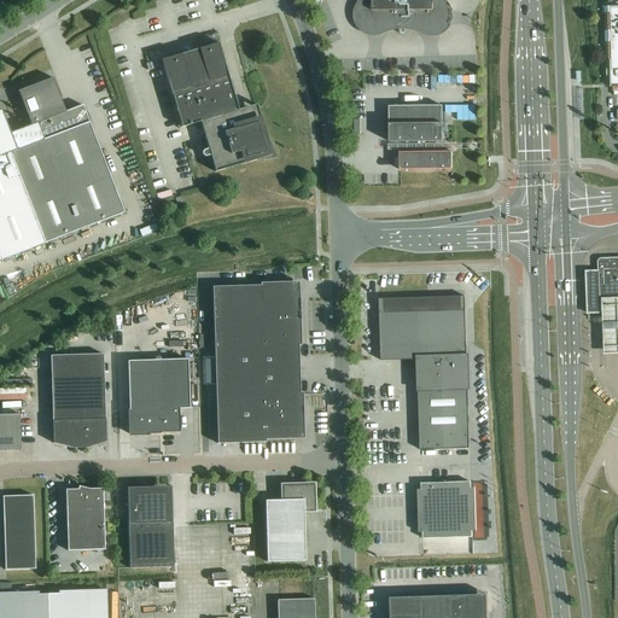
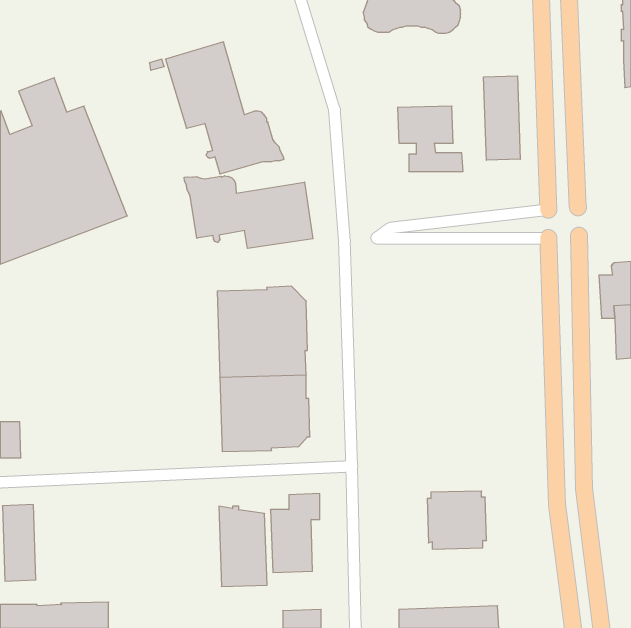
building: none -> [484,76,520,160]
building: none -> [184,176,313,248]
building: [375,295,470,448] -> none
building: [51,352,106,447] -> none
building: [127,357,190,432] -> none
building: [65,484,104,549] -> none
building: [127,488,174,566] -> [219,506,267,586]

